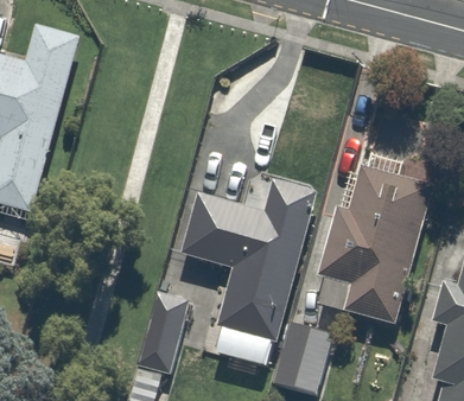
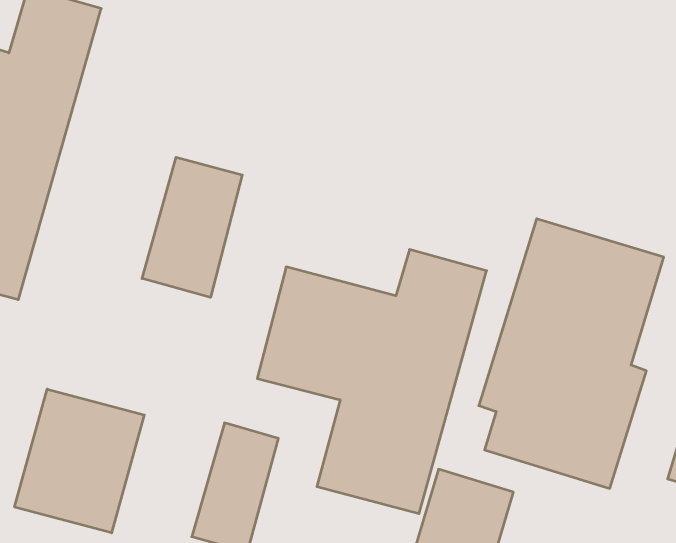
building: none -> [142,157,242,297]
building: none -> [15,389,144,533]

